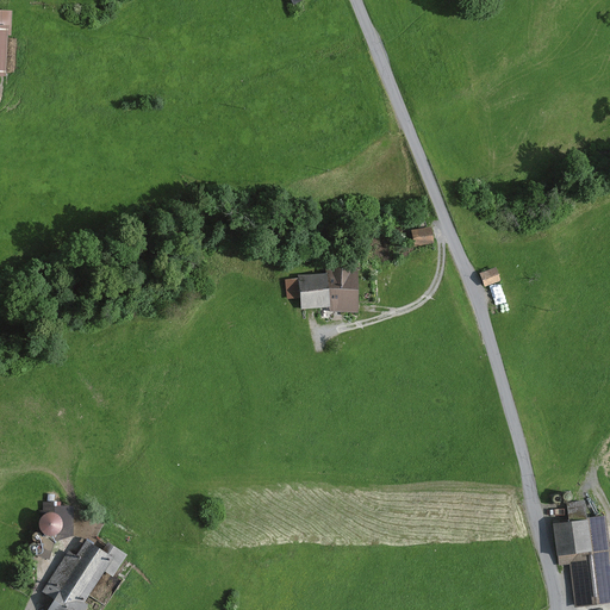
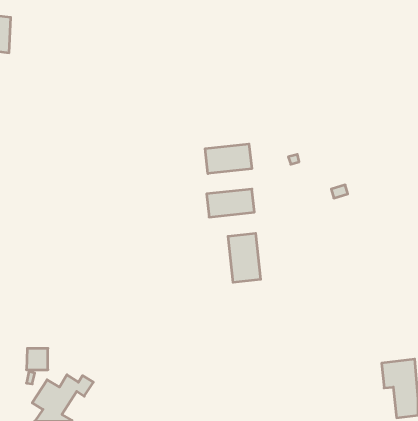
building: none -> [205,144,252,174]
building: none -> [228,233,261,282]

